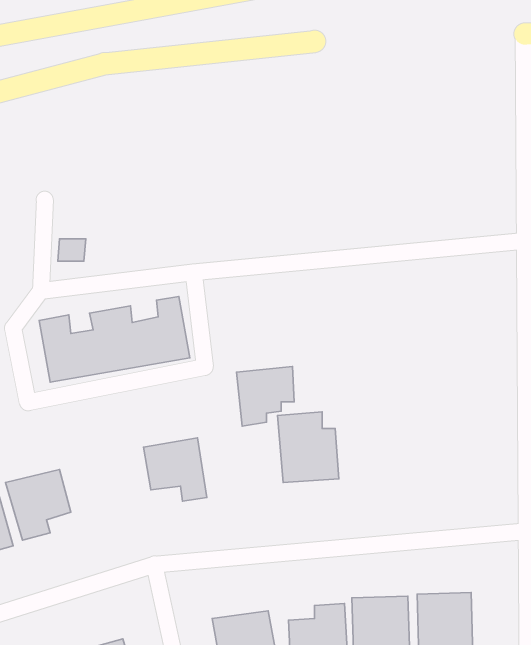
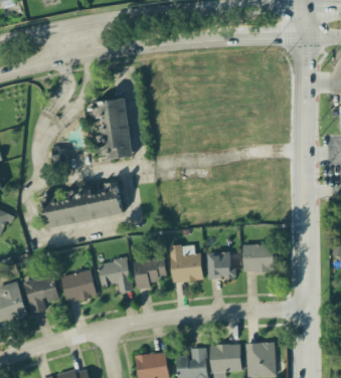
building: none -> [91,99,132,160]
building: [237,366,294,426] -> [134,257,165,290]
building: none -> [243,243,274,272]
building: none -> [208,253,235,279]
building: none -> [61,270,96,303]

